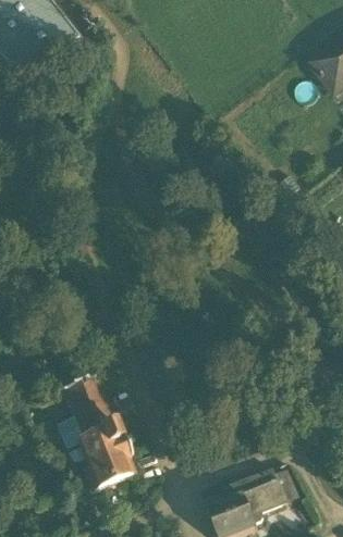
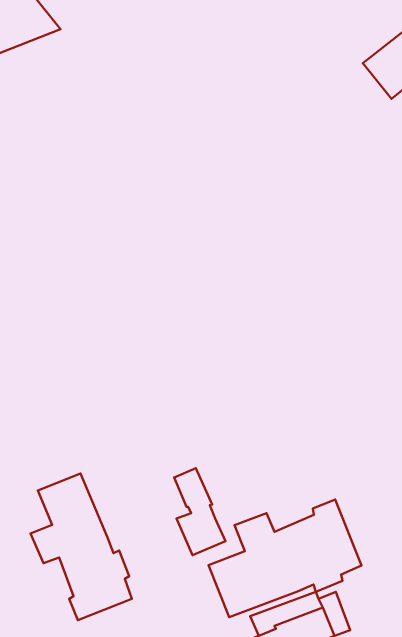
building: none -> [174,468,225,555]
building: none -> [209,500,361,617]

